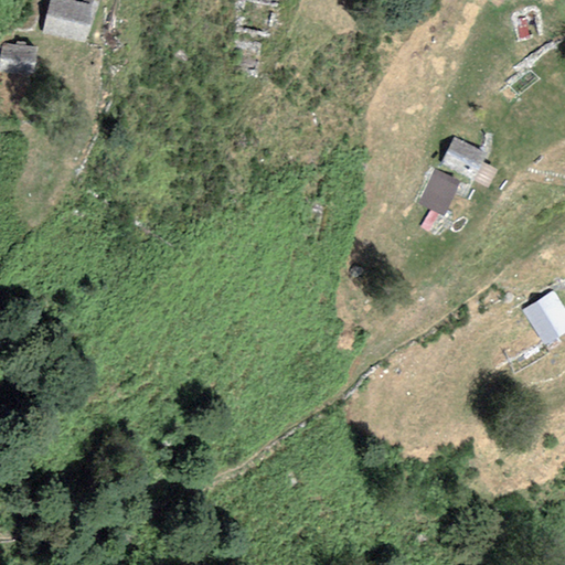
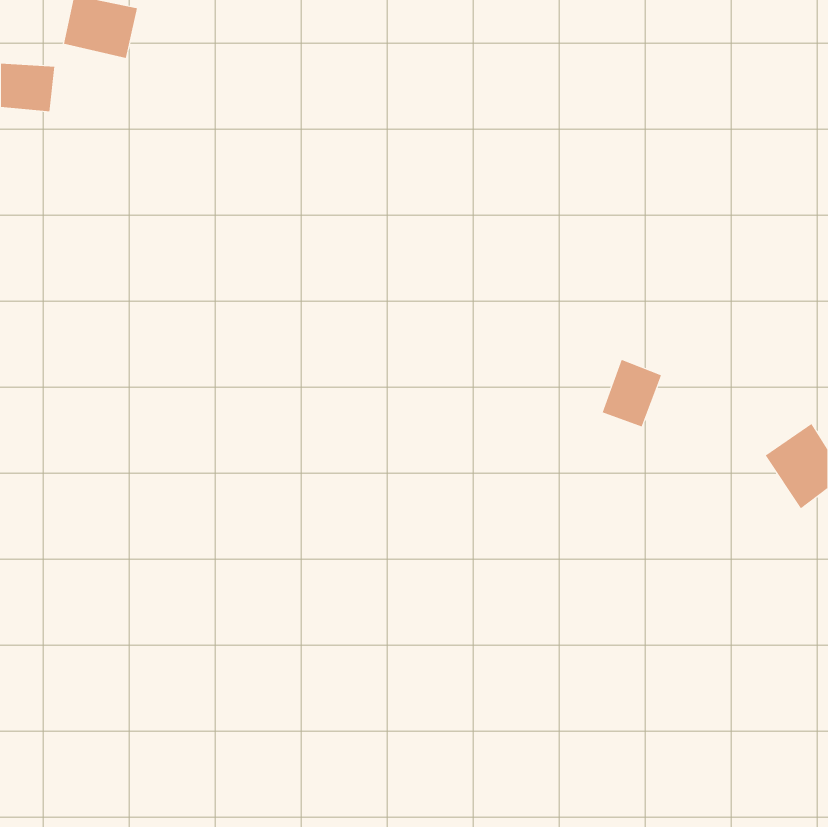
building: [441,137,487,178] -> none
building: [418,168,459,214] -> [602,359,662,427]

